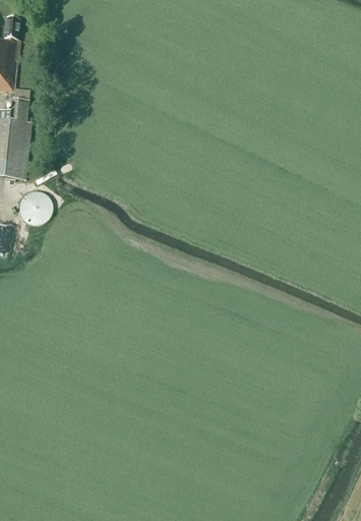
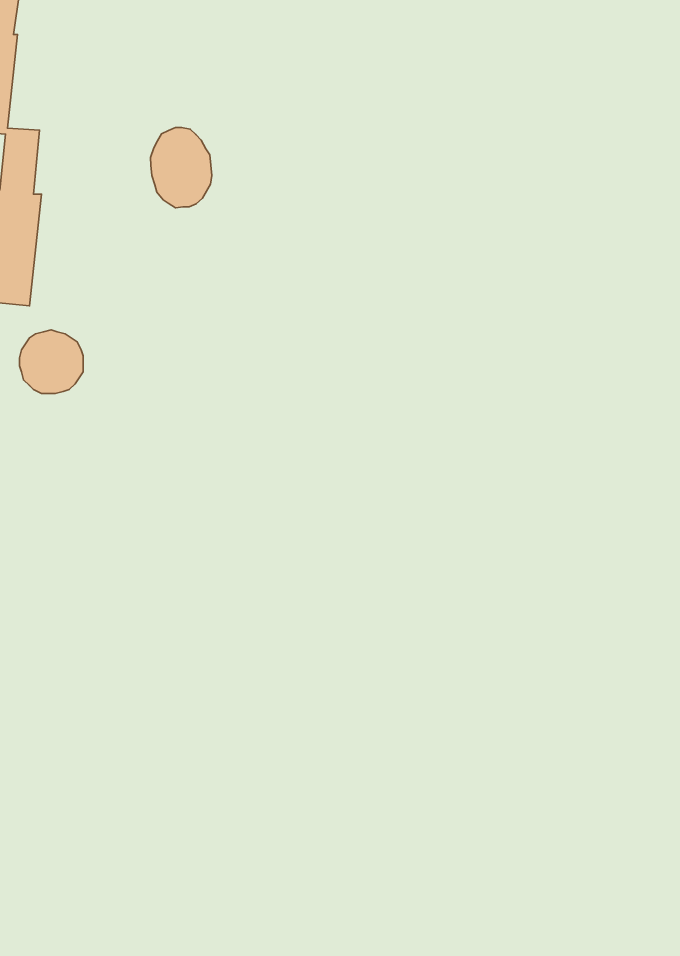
building: none -> [151,127,212,208]

